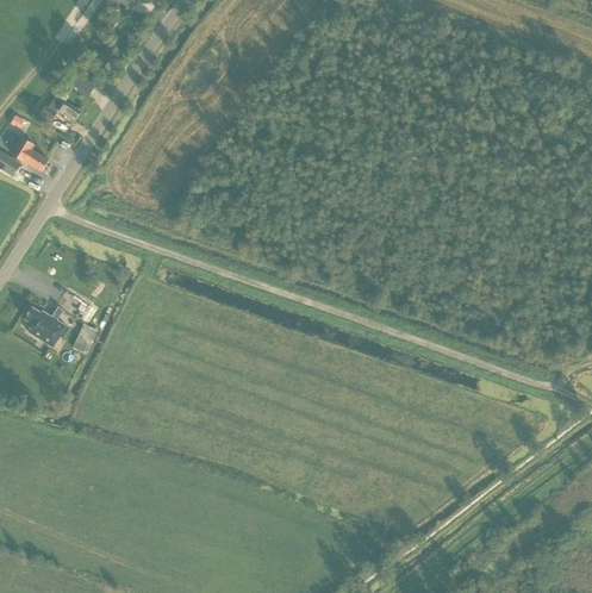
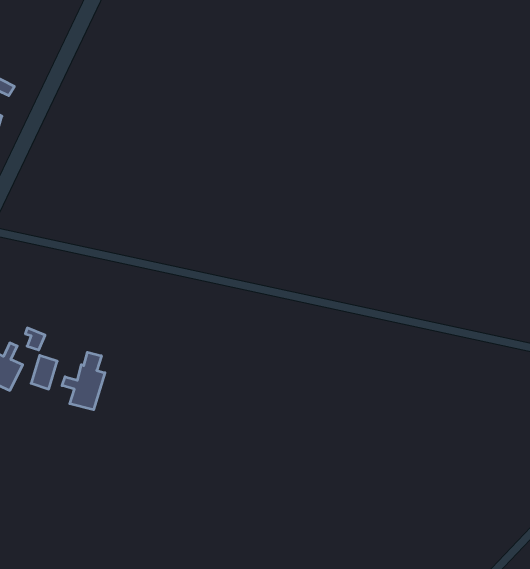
building: none -> [62,352,105,410]

